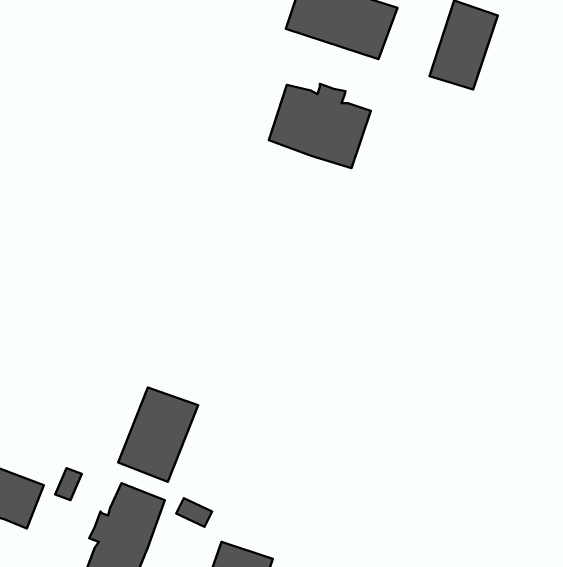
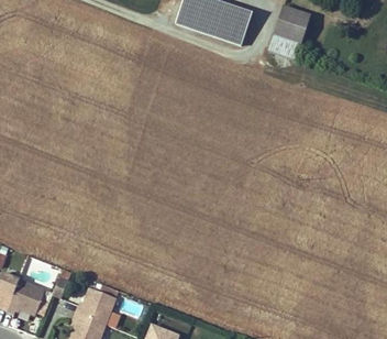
building: [269,84,371,168] -> none
building: [118,387,198,482] -> none

